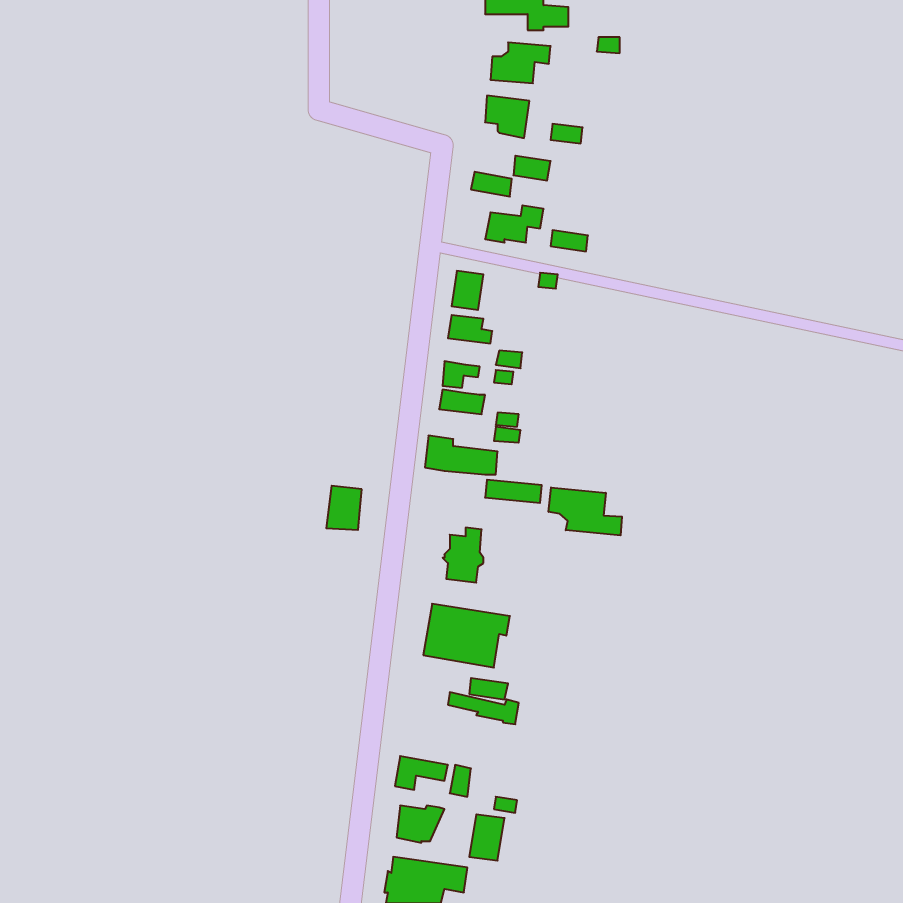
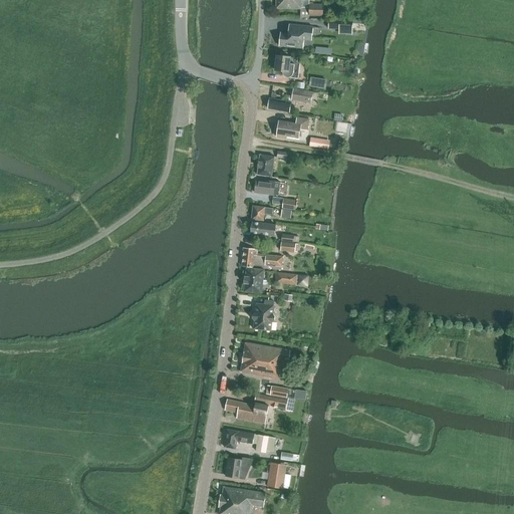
building: [326,486,362,530] -> [243,267,263,292]
building: [549,487,622,535] -> none
building: none -> [224,399,268,424]

